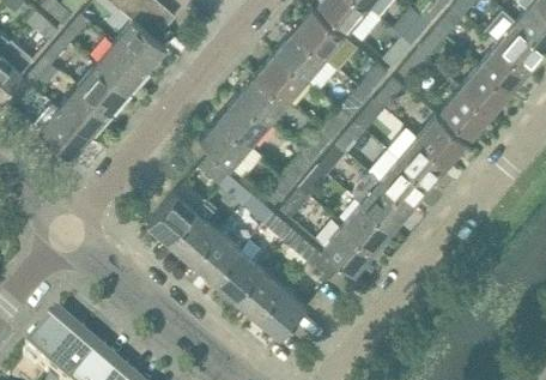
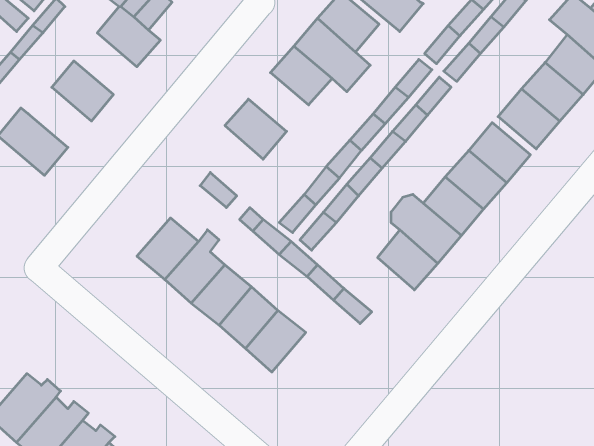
building: [96,42,147,92] -> none
building: [238,74,287,122] -> none
building: [59,86,110,135] -> none
building: [200,117,250,168] -> none
building: [323,225,374,275] -> none
building: [257,286,308,338] -> none

